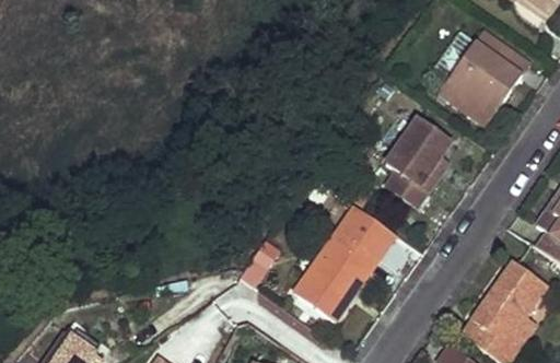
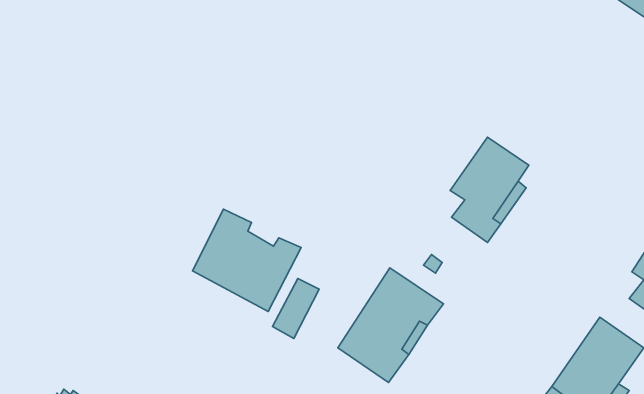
building: [442,30,534,124] -> none
building: none -> [192,209,301,312]

